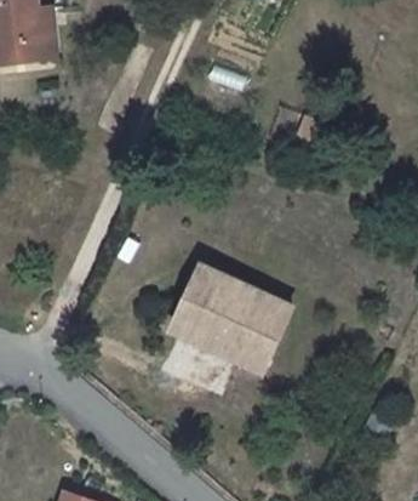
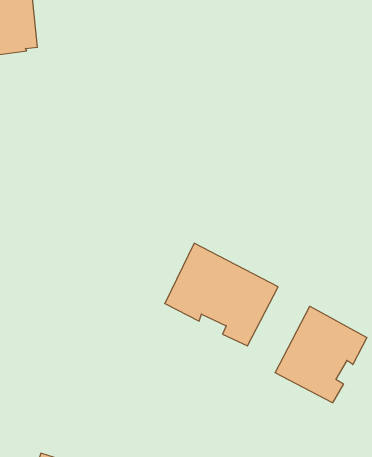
building: none -> [275,306,367,403]

